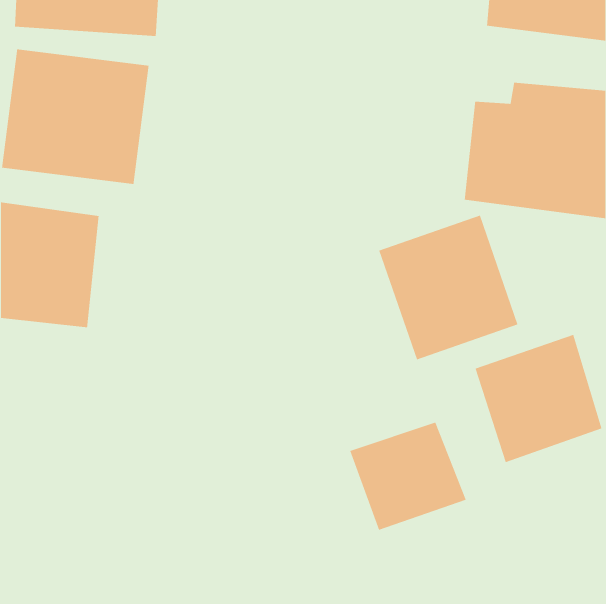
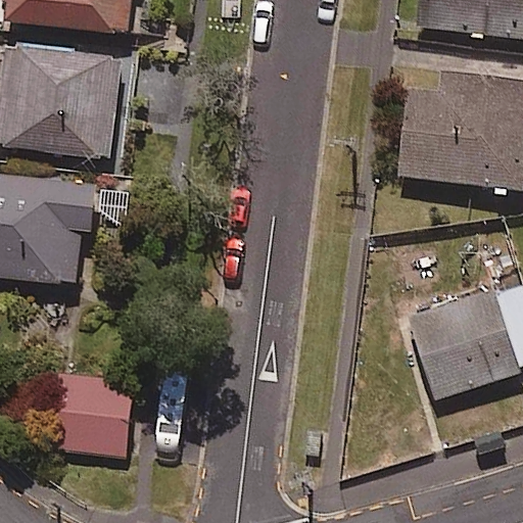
building: [378,214,519,360] -> none
building: [349,421,467,531] -> none
building: none -> [47,372,134,457]

